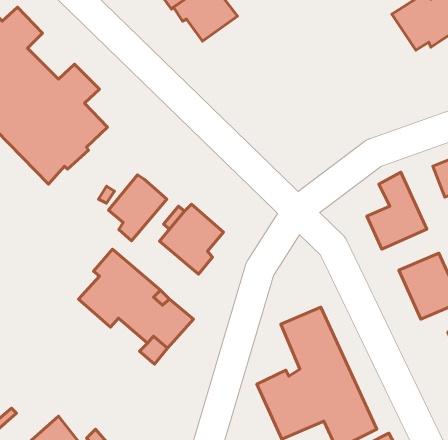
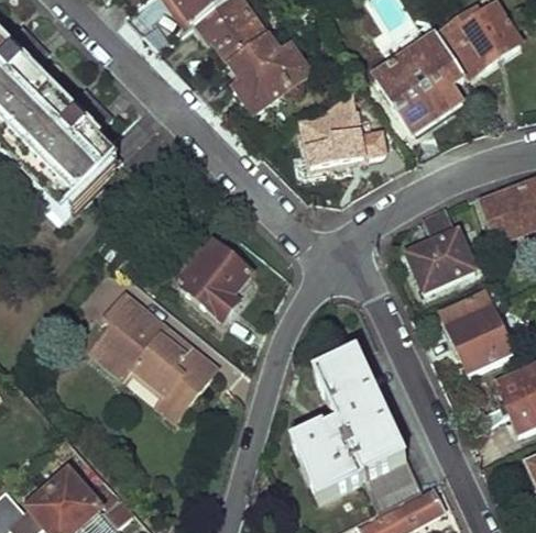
building: none -> [375,32,462,130]
building: none -> [228,34,309,111]
building: none -> [300,87,383,168]
building: [109,175,167,241] -> none

